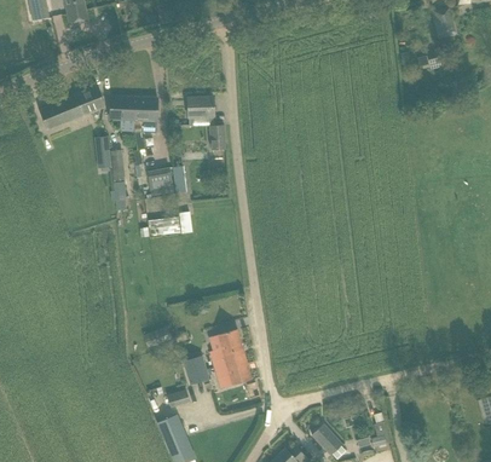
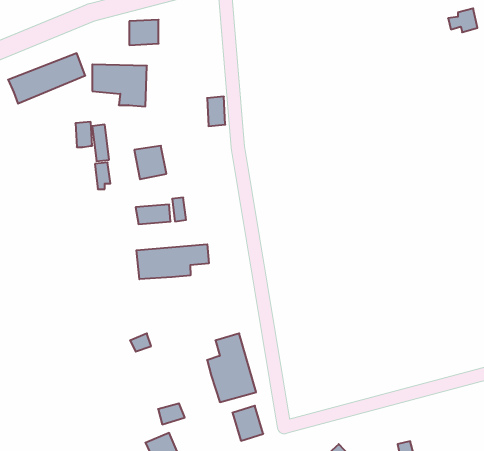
building: [187,97,213,119] -> [129,20,159,45]
building: none -> [136,244,209,279]
building: [183,354,209,385] -> [232,406,263,441]

